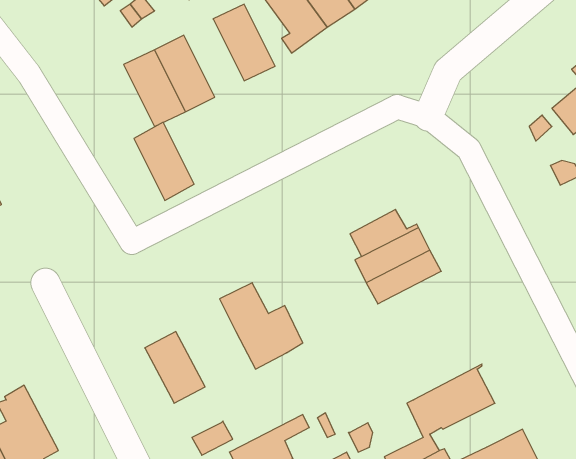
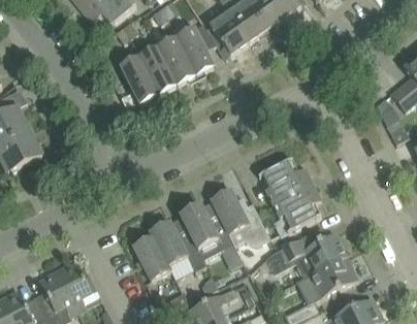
building: [134,122,194,200] -> [157,36,195,86]
building: none -> [211,188,269,244]
building: none -> [284,196,321,229]
building: none -> [149,216,205,274]
building: none -> [277,233,346,278]
building: none -> [56,260,96,310]

